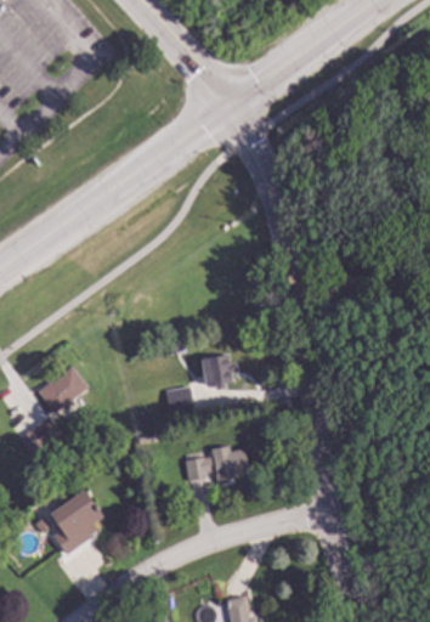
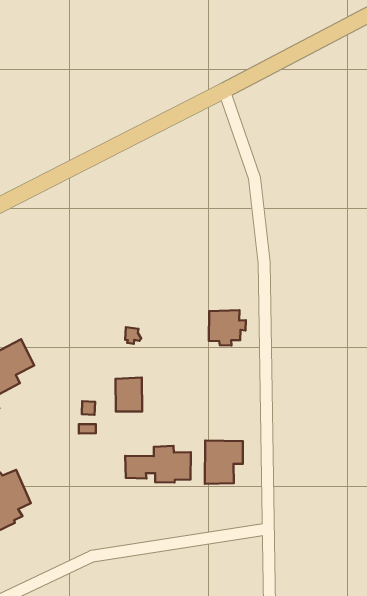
building: [200,355,237,390] -> [209,310,246,346]
building: none -> [205,440,243,484]

